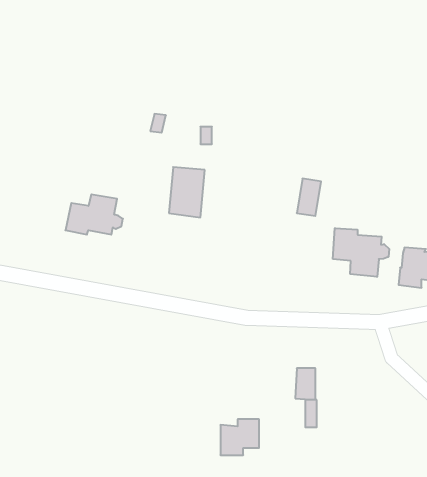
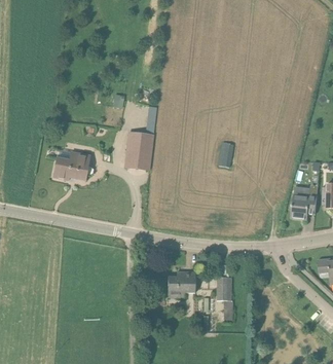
building: [333,228,389,277] -> none
building: [220,419,259,455] -> [168,270,195,296]

